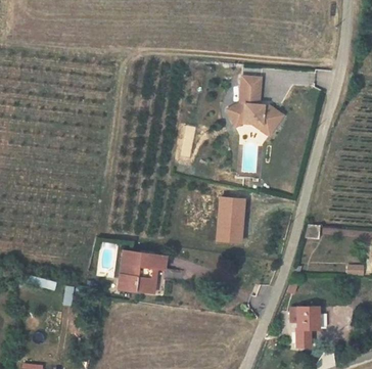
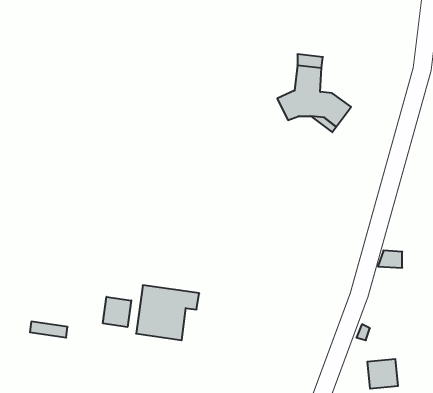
building: [215,195,245,244] -> none
building: none -> [103,297,131,327]

